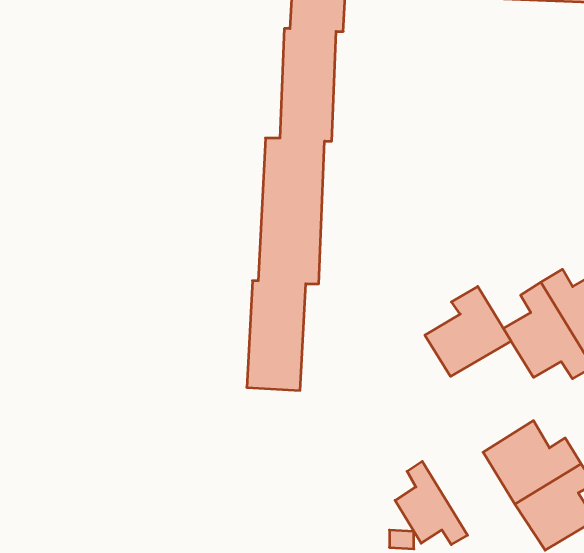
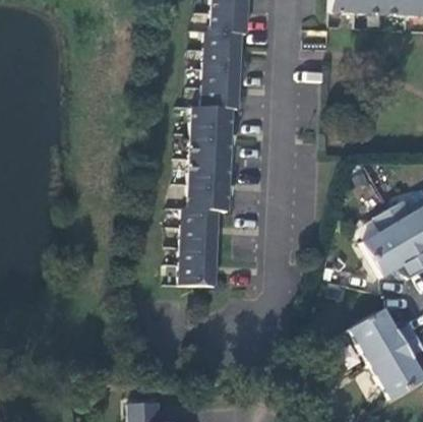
building: [425,286,511,376] -> none
building: [395,461,468,545] -> none

